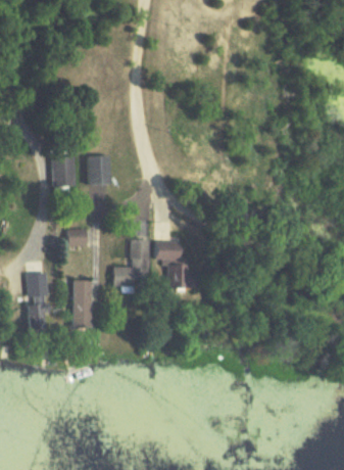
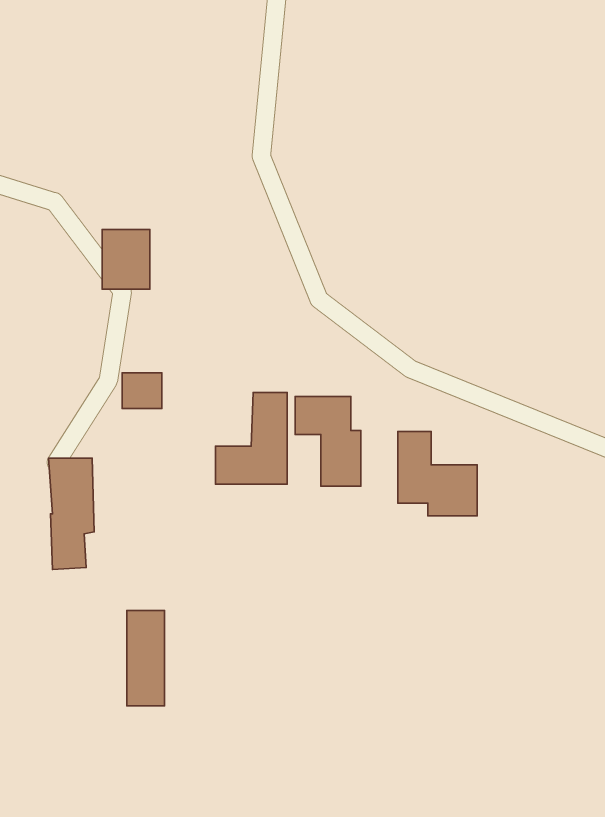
building: [87,155,111,184] -> none
building: none -> [398,432,477,516]
building: [70,280,90,329] -> [127,610,165,706]

